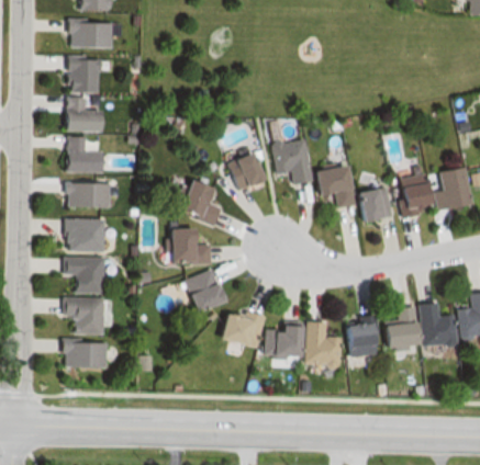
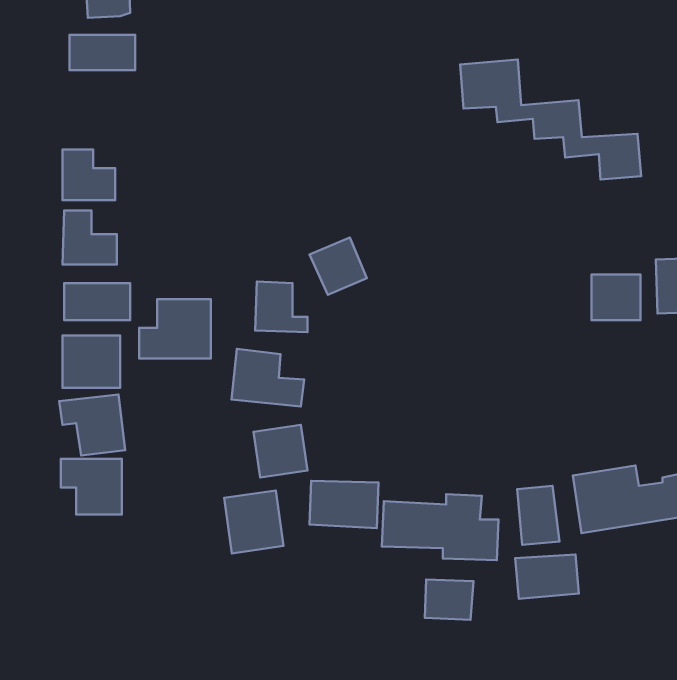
building: [66,59,97,92] -> none
building: [271,140,389,218] -> [460,60,641,180]
building: none -> [139,299,211,358]
building: none -> [224,490,283,553]
building: [64,342,108,366] -> none
building: none -> [515,555,579,599]
building: none -> [425,579,473,620]

